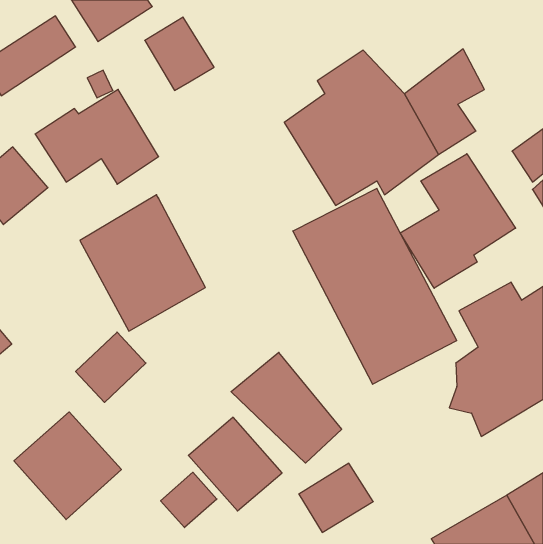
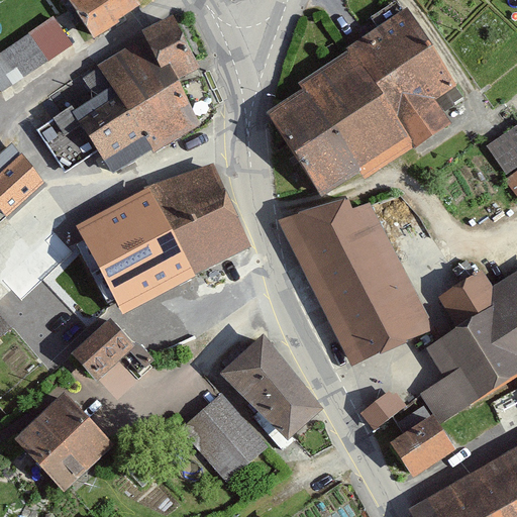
building: none -> [344,5,439,89]
building: none -> [99,38,200,153]
building: [400,154,516,288] -> none
building: none -> [150,160,251,273]
building: none -> [357,387,406,432]
building: [299,463,373,532] -> [390,414,460,480]
building: [161,472,217,528] -> none

